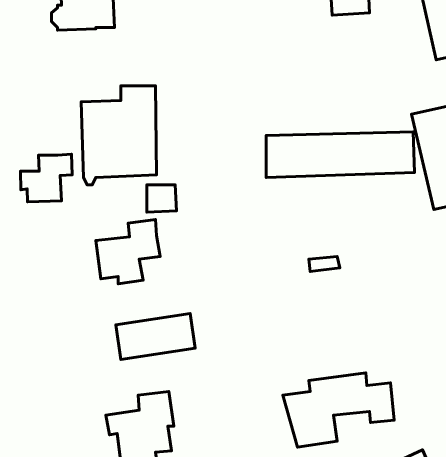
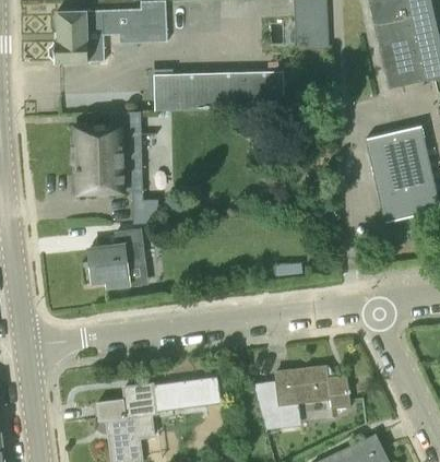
building: [266,132,414,178] -> [154,71,285,111]
building: [20,154,72,202] -> none
building: [116,314,195,359] -> [153,371,223,412]

